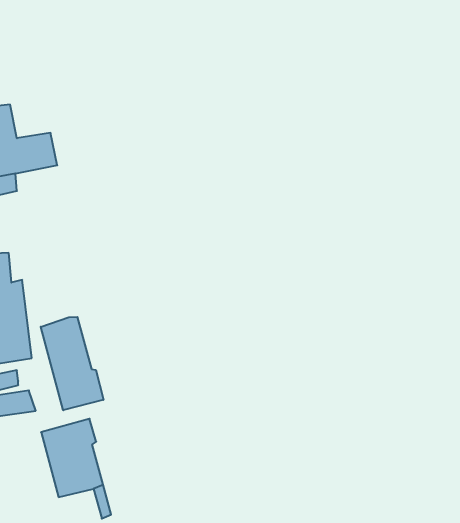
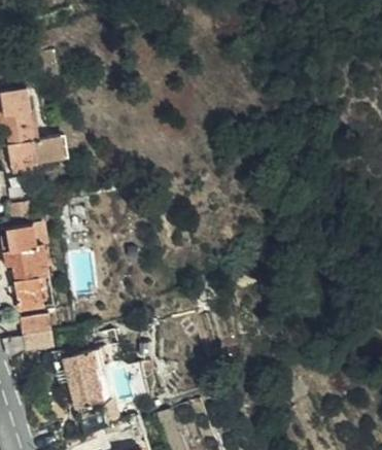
building: [41,317,103,410] -> none

